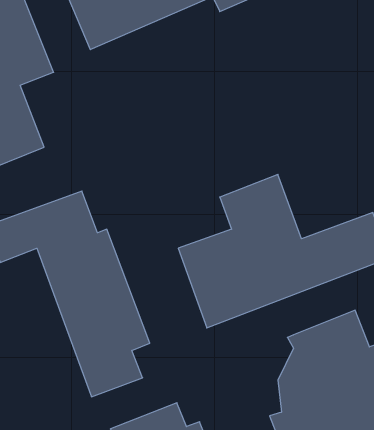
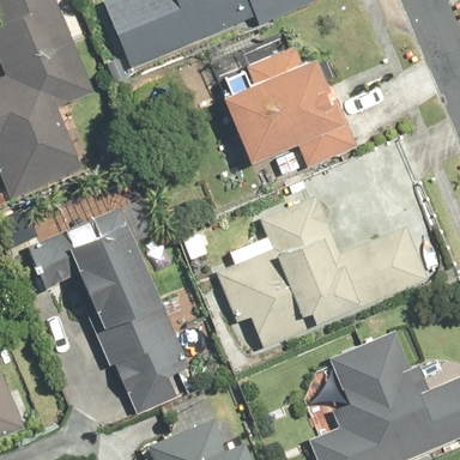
building: none -> [219,43,356,168]

